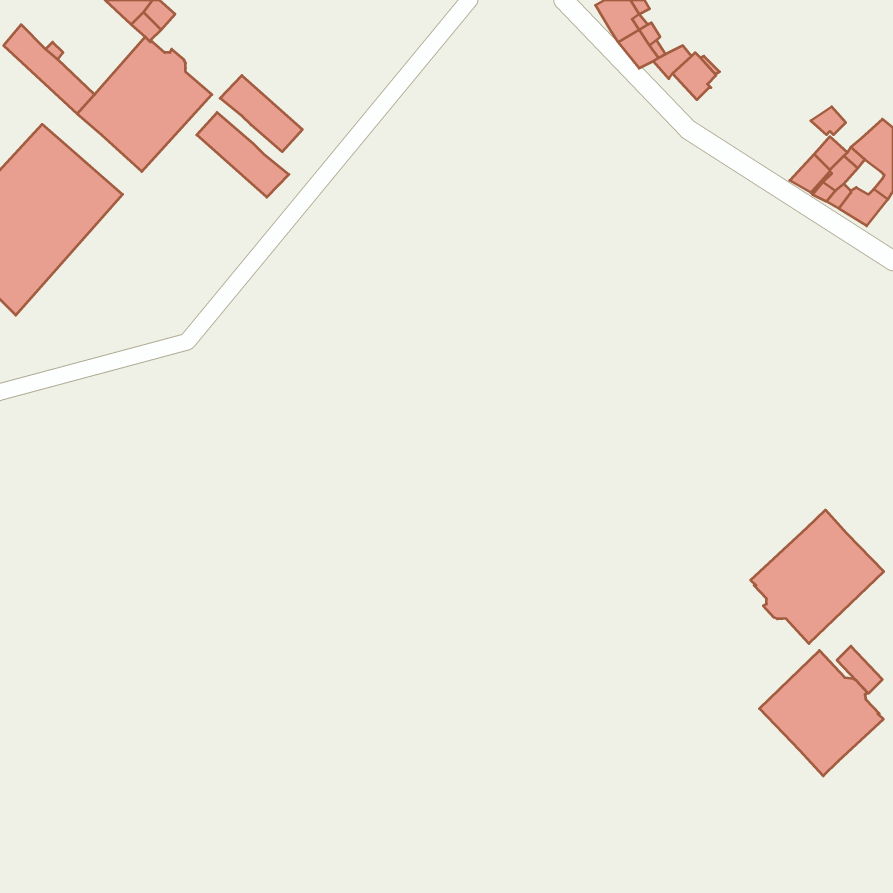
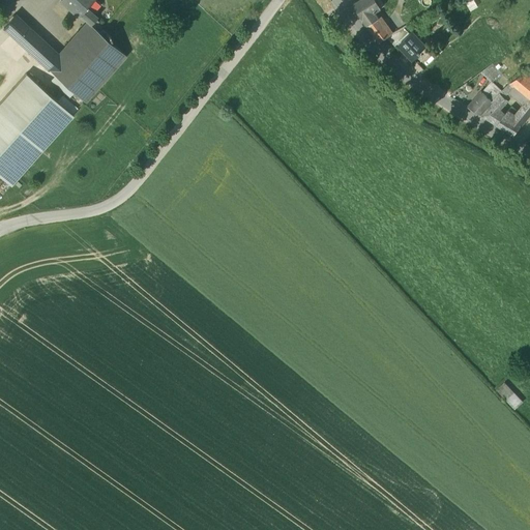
building: [220,75,302,152] -> none
building: [197,112,289,197] -> none
building: [751,510,884,644] -> none
building: [759,650,883,776] -> none

